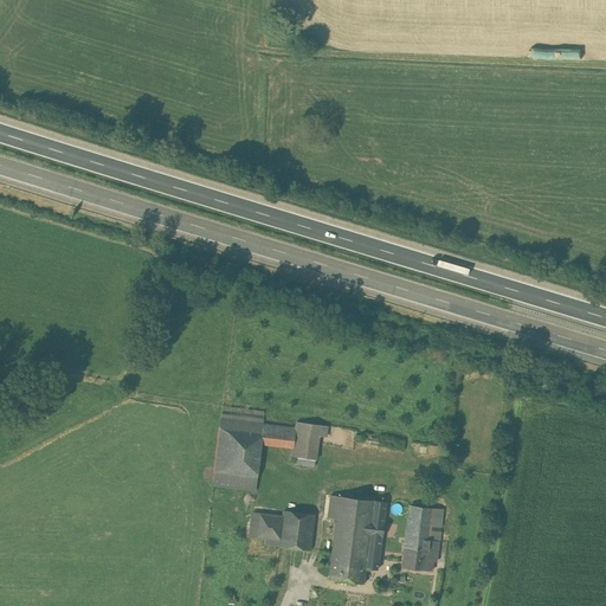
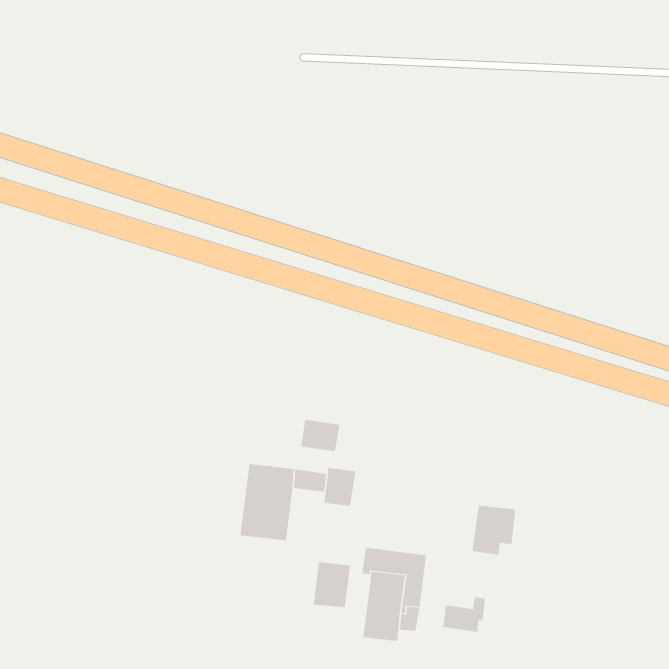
building: none -> [301,419,340,452]
building: [402,505,443,550] -> [472,505,516,555]
building: [249,509,284,540] -> none

